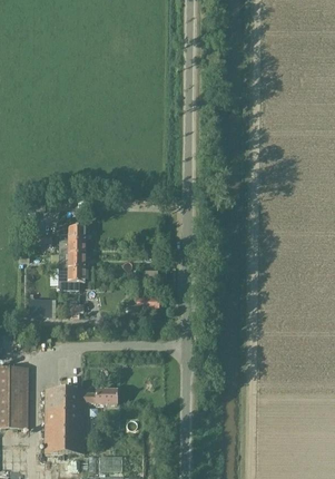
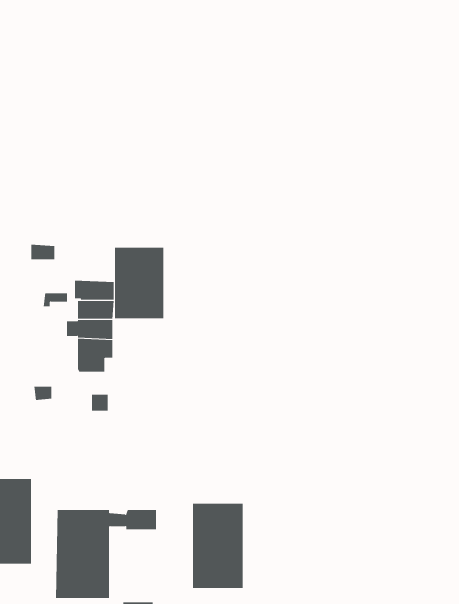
building: none -> [115,247,164,319]
building: none -> [193,503,243,589]

